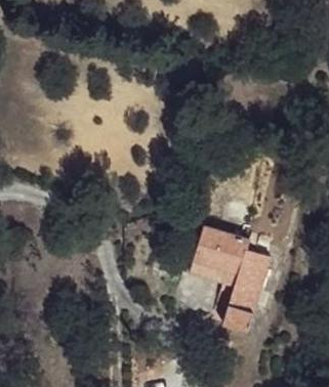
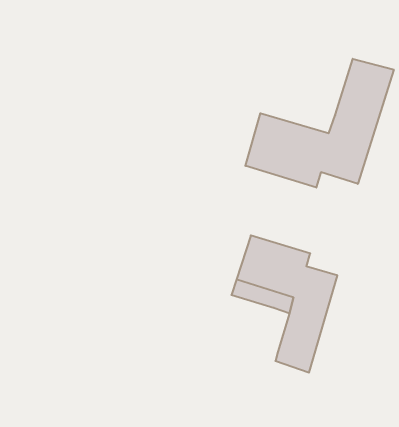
building: none -> [245,59,394,188]

